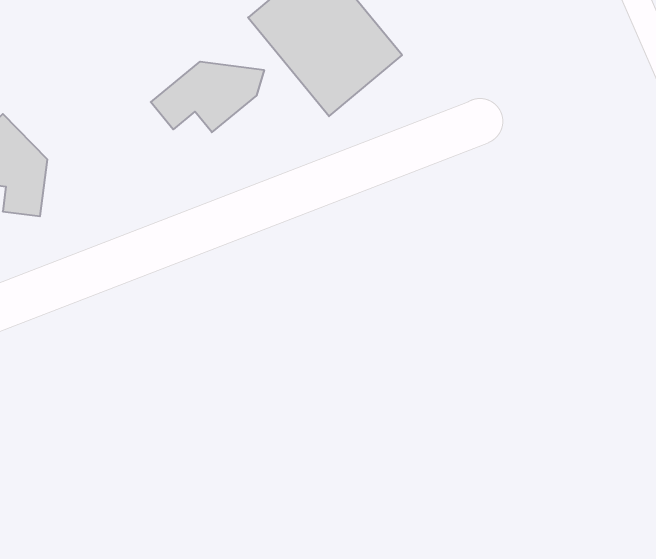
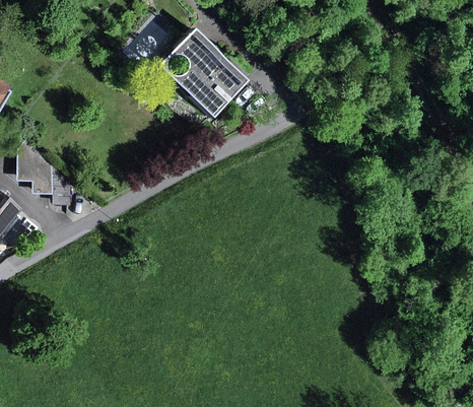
building: [151,62,264,132] -> none

